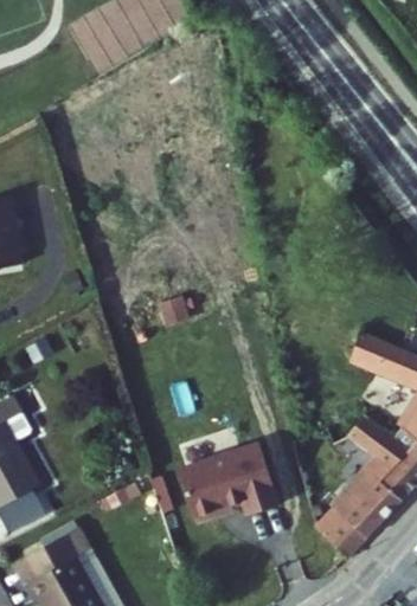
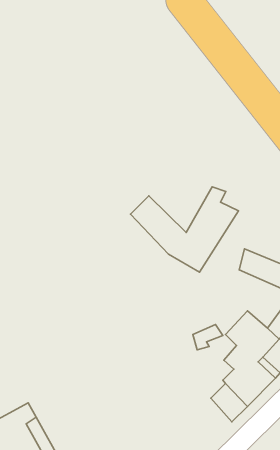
building: none -> [130,187,239,272]
building: [174,444,276,527] -> none

